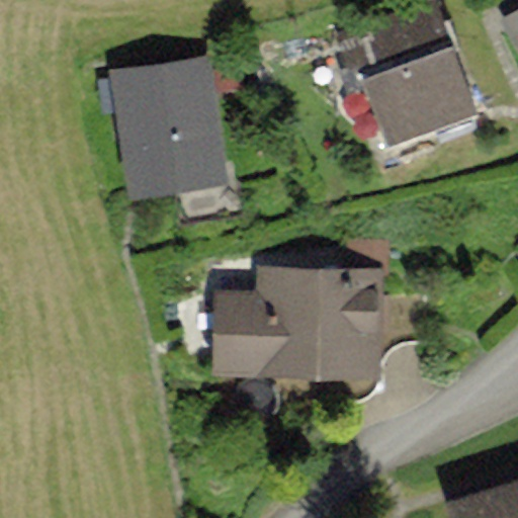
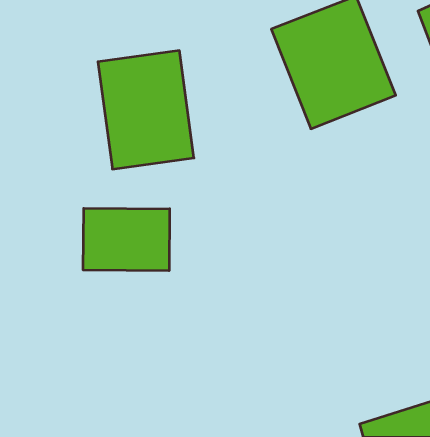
building: none -> [83,208,170,271]
building: [215,284,368,381] -> none

